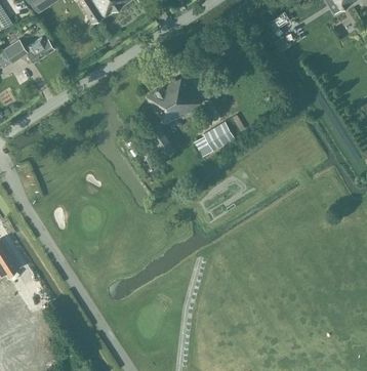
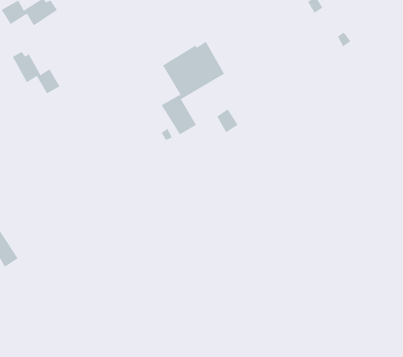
building: none -> [12,51,60,94]
building: [205,120,236,149] -> none

